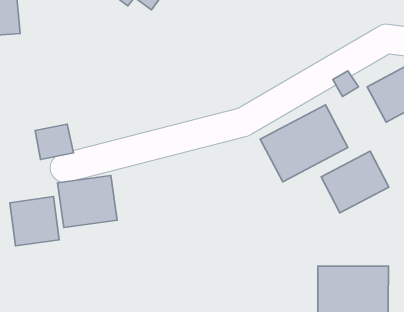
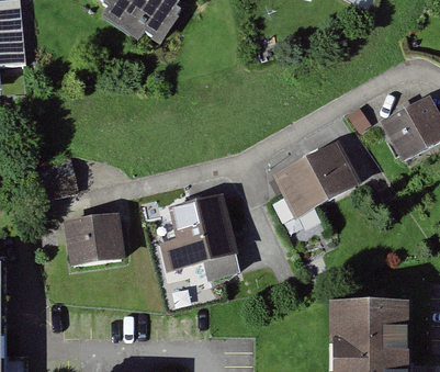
building: [321,151,389,213] -> none
building: none -> [161,194,245,283]
building: [10,197,59,246] -> none

